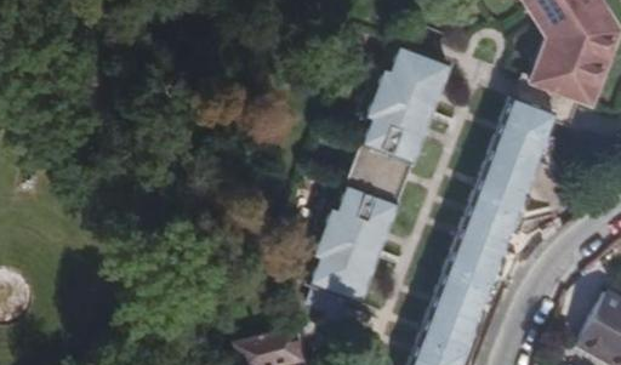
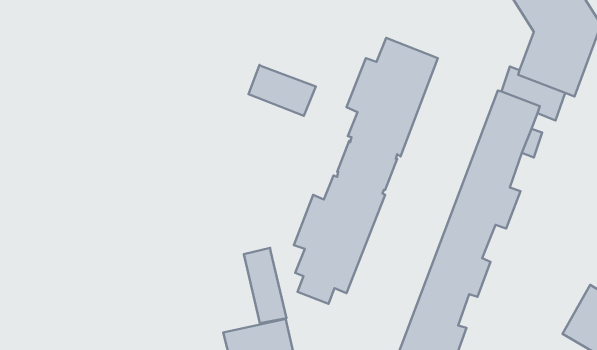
building: none -> [249,65,316,116]
building: none -> [244,248,286,323]

